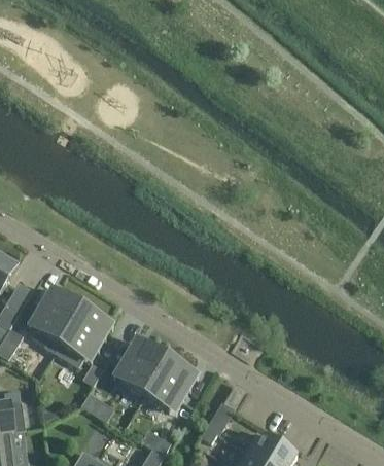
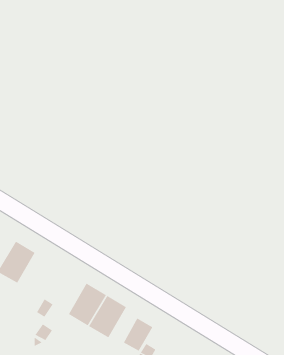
building: [55,306,107,365] -> none
building: none -> [123,318,153,351]

